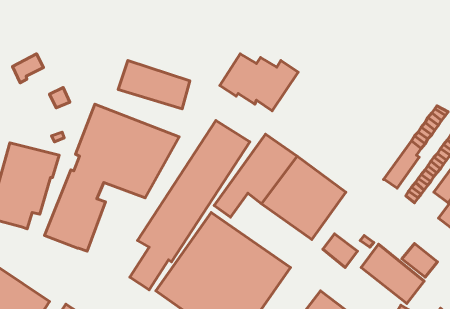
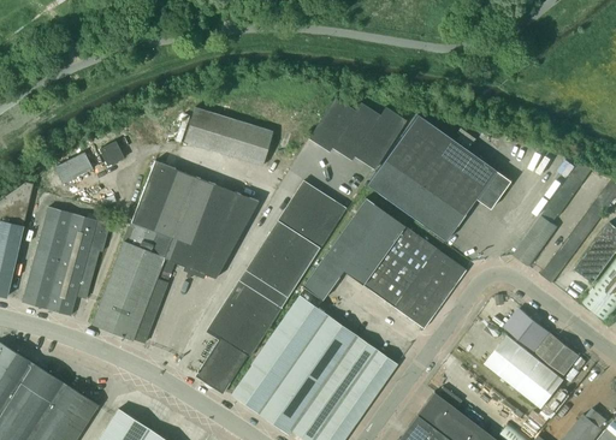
building: [12,54,43,83] -> [54,153,93,189]
building: none -> [367,115,510,242]
building: [323,234,358,268] -> [505,310,549,352]

